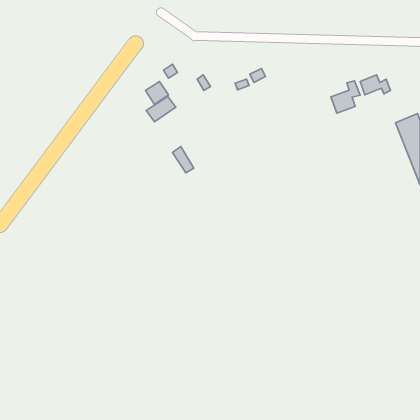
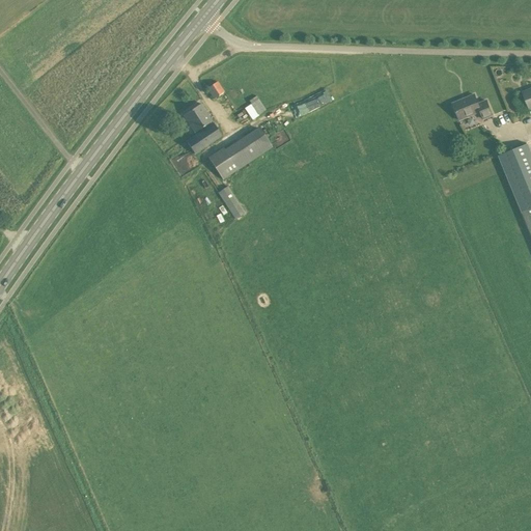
building: [331,81,360,113] -> none
building: none -> [207,125,272,179]

